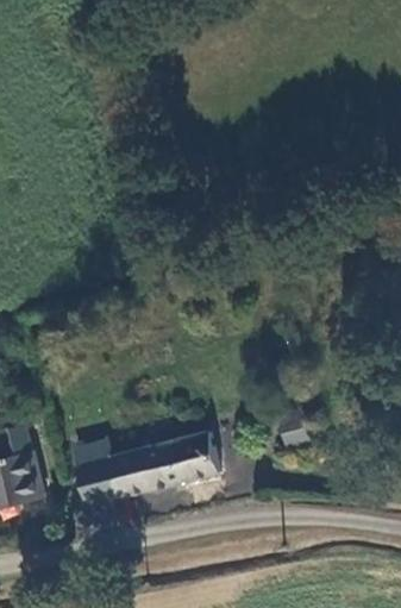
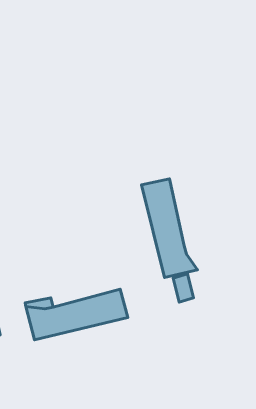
building: none -> [141,179,197,277]

